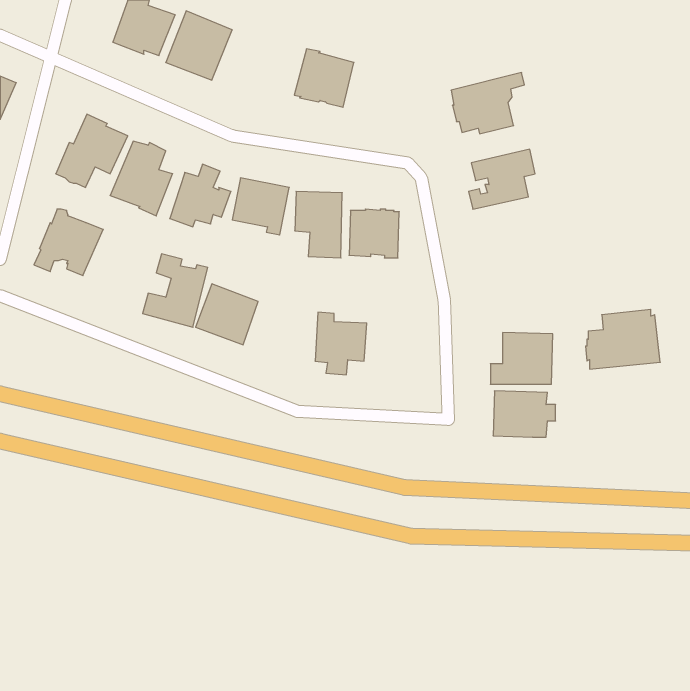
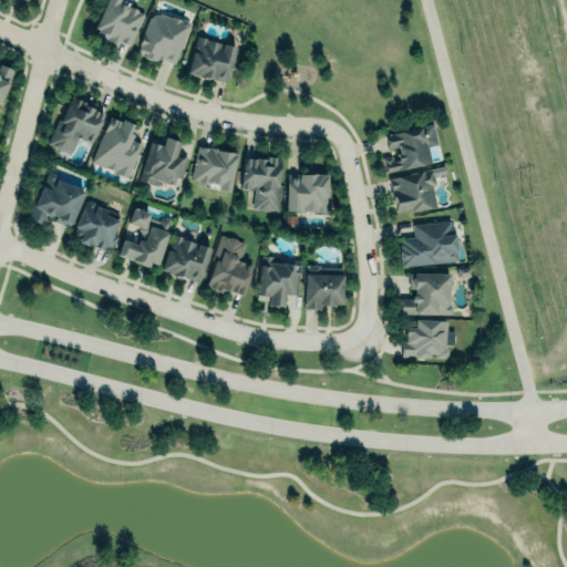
building: [294,49,354,107] -> [189,35,238,83]
building: [451,73,524,134] -> [390,164,450,214]
building: none -> [75,199,124,251]
building: none -> [208,235,254,296]
building: [586,309,660,369] -> [401,219,462,268]
building: none -> [307,265,346,309]

